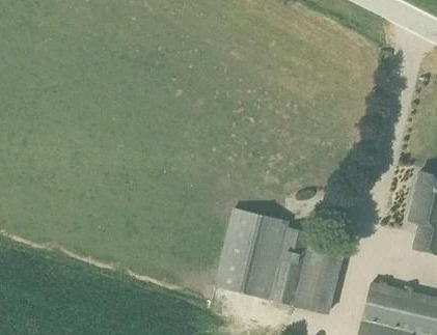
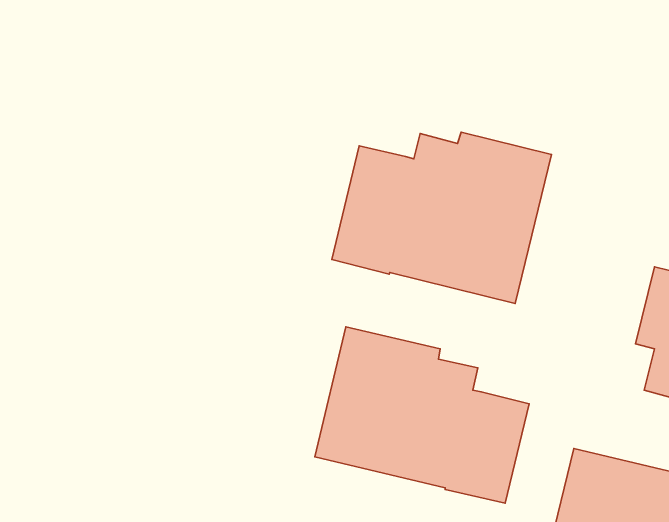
building: none -> [332,132,552,303]

